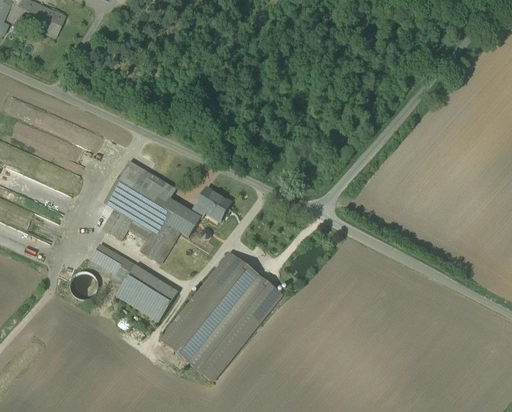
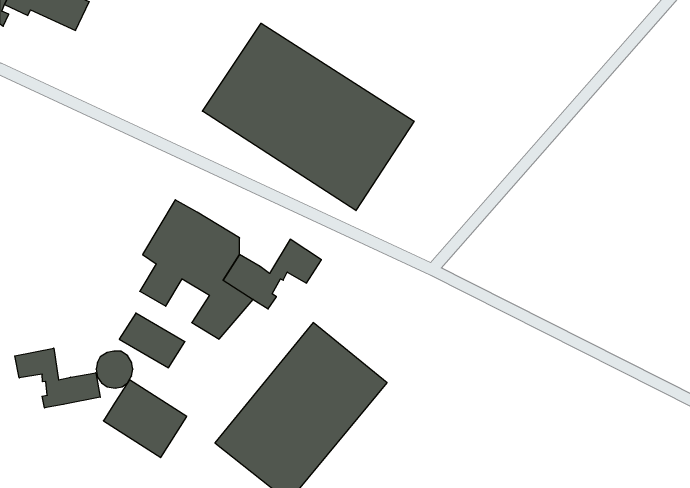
building: none -> [202,23,414,211]
building: [117,264,178,321] -> [103,380,187,458]
building: none -> [15,348,100,408]

